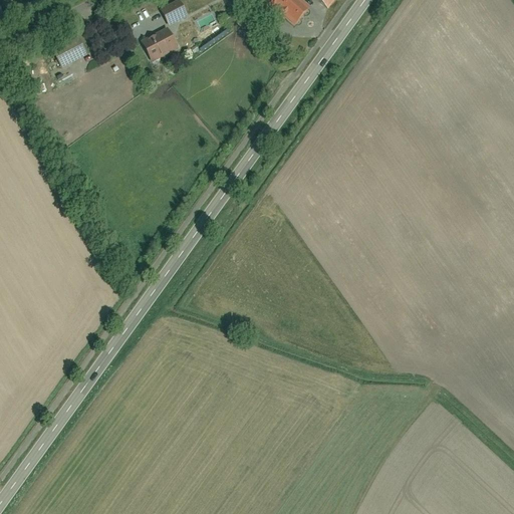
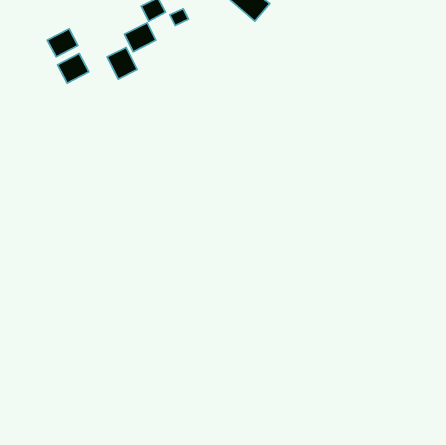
building: none -> [107,48,137,79]
building: none -> [58,53,89,83]

